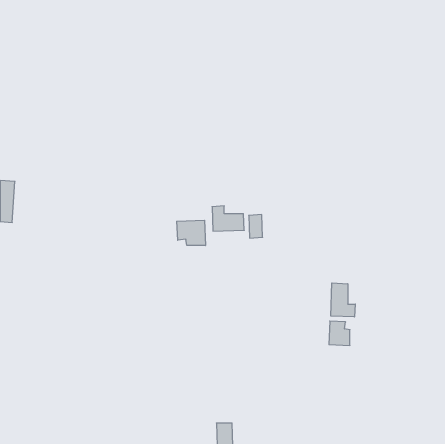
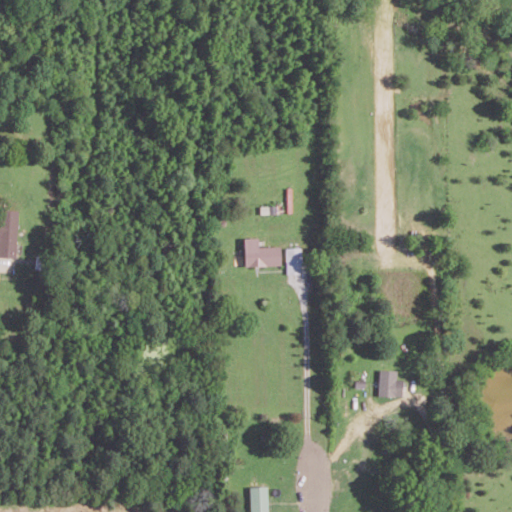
building: [177,220,205,246] -> none
building: [331,283,355,317] -> none

